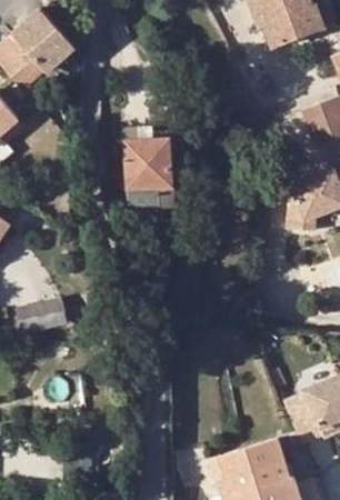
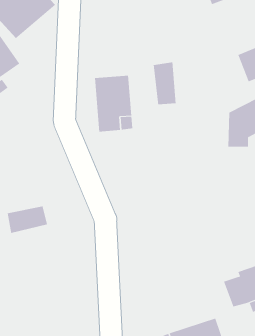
building: none -> [153,62,176,105]

